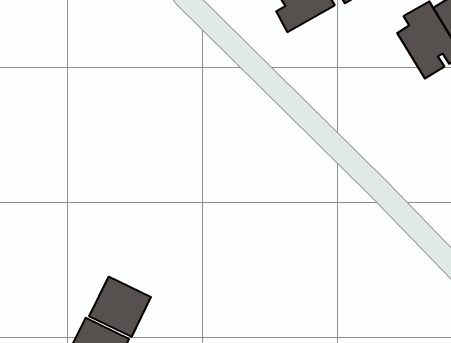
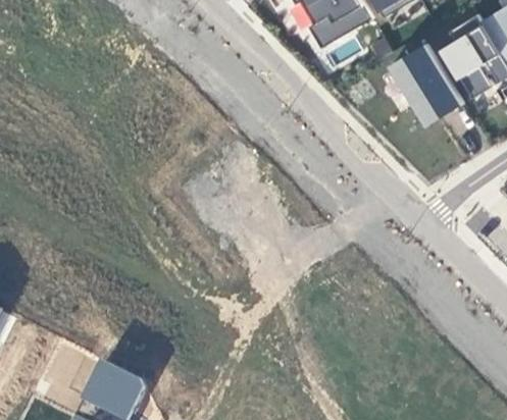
building: none -> [389,44,461,129]
building: [89,277,151,337] -> none

